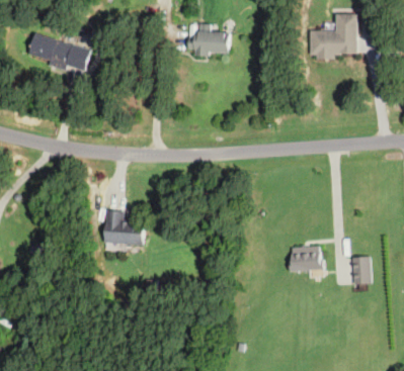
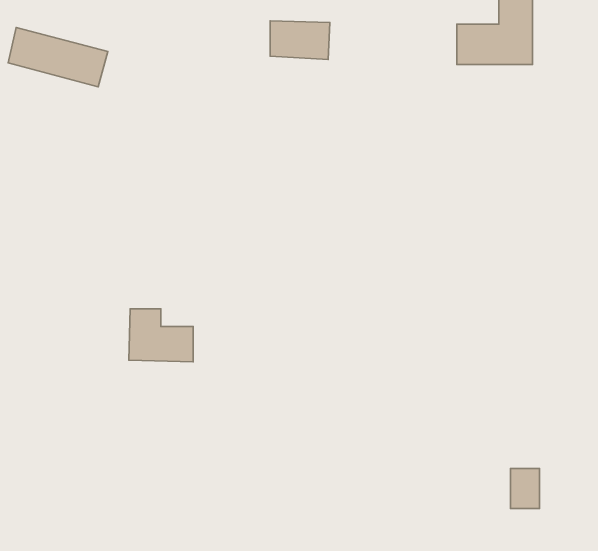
building: [289,246,323,271] -> none
building: [353,258,372,283] -> [510,468,539,509]

